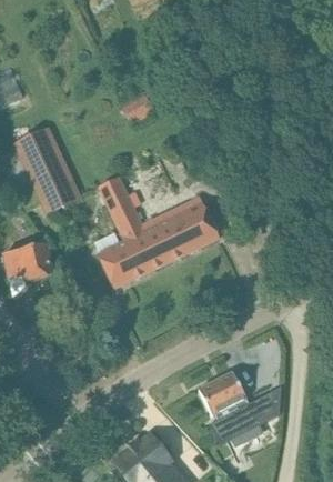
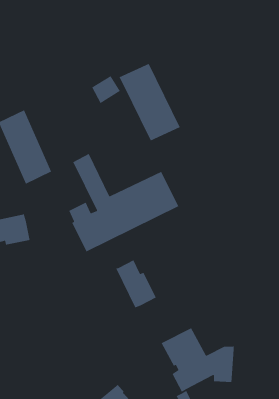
building: none -> [119,63,181,141]
building: none -> [115,259,157,308]

